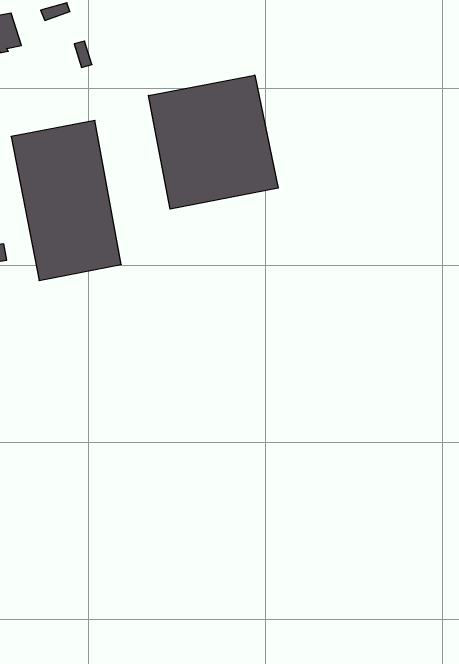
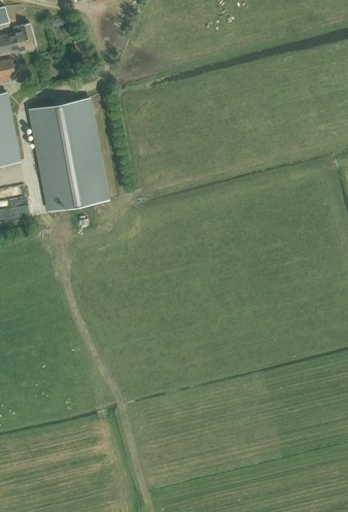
building: [148,75,278,209] -> none

